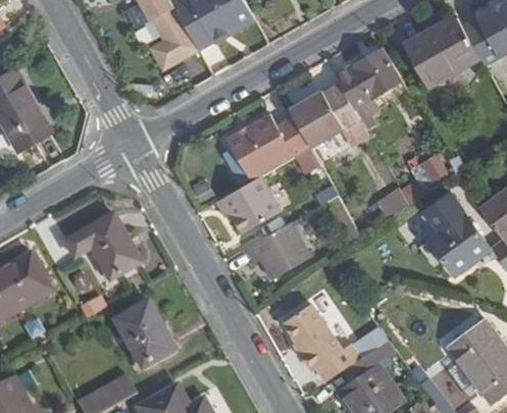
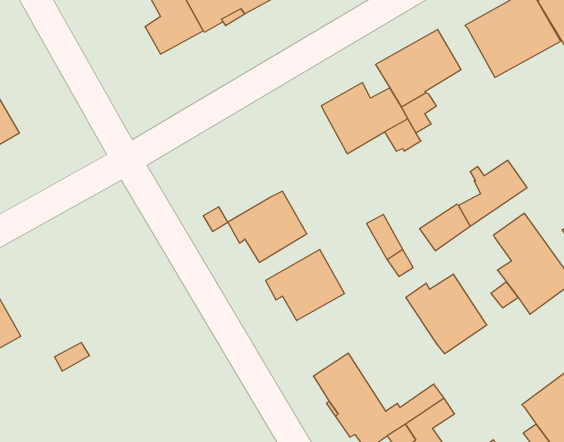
building: [225,111,310,179] -> none
building: [66,212,142,278] -> none
building: none -> [406,274,487,354]
building: [116,300,178,368] -> none

